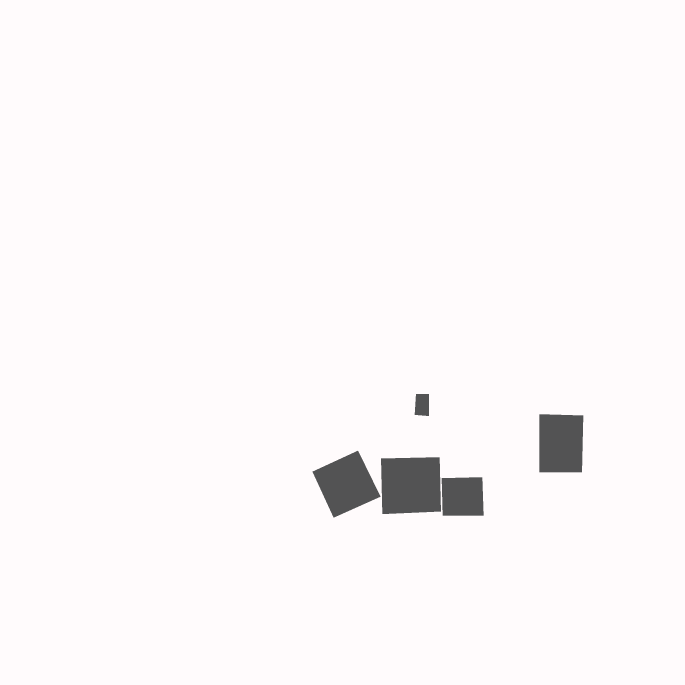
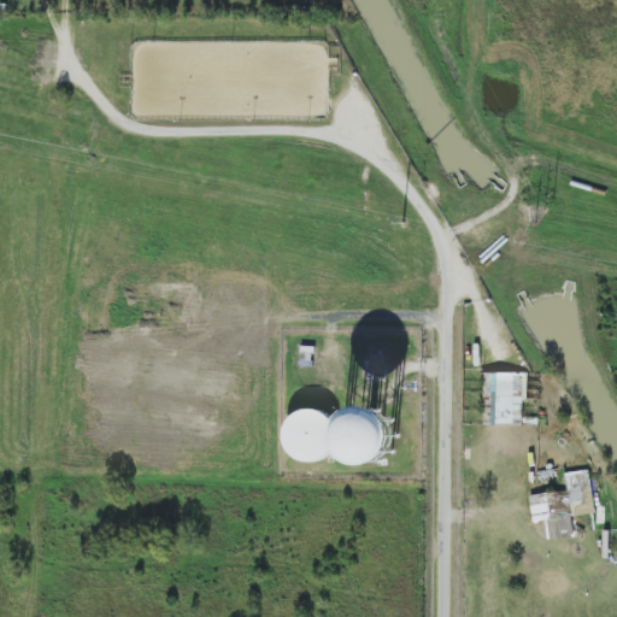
building: [441,477,484,516] -> none
building: none -> [529,469,592,539]

